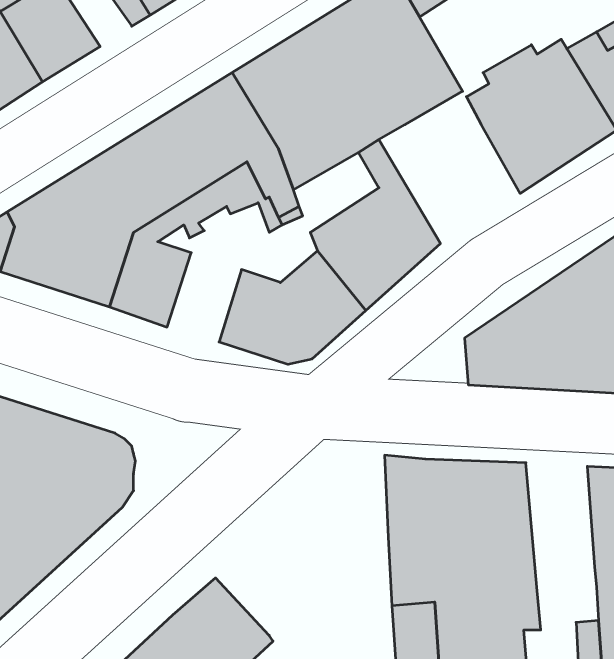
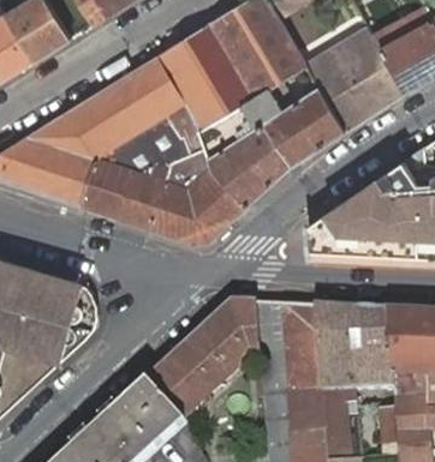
building: none -> [254,88,345,164]
building: none -> [117,157,171,228]
building: none -> [148,300,260,418]
building: none -> [348,306,394,389]

